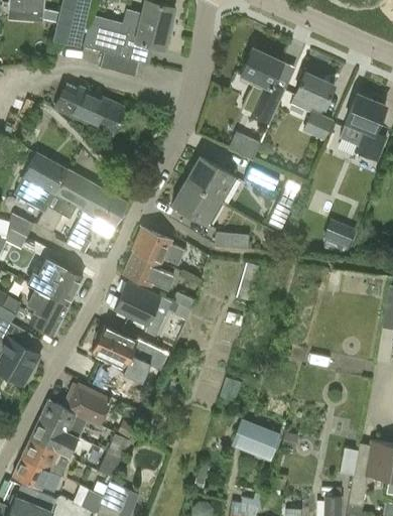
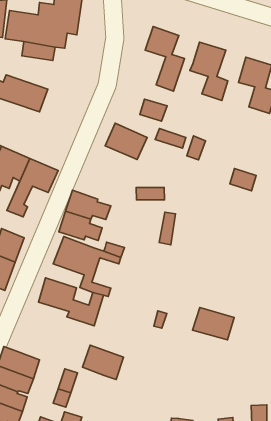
building: [171,180,221,225] -> none
building: [62,383,111,425] -> [82,345,124,380]
building: [231,419,280,460] -> [192,308,234,340]

